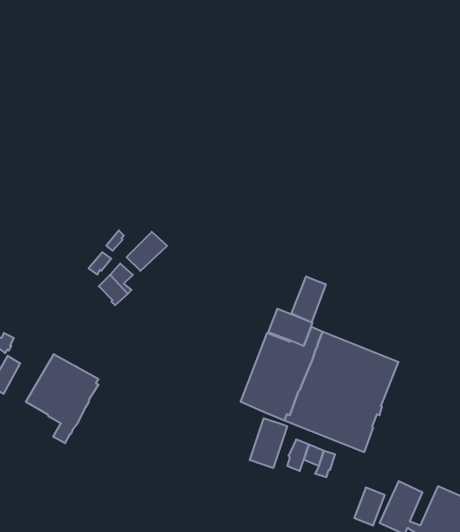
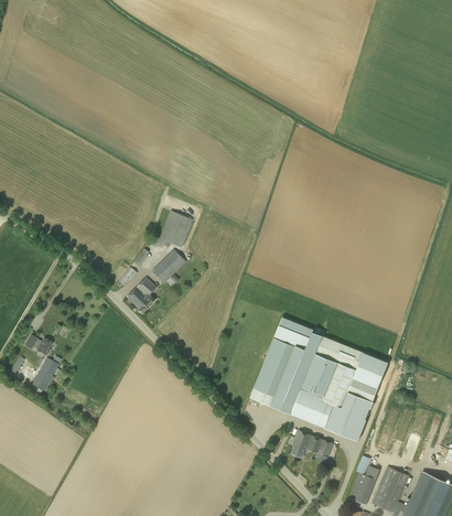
building: none -> [157,211,192,247]
building: [292,276,326,323] -> none
building: [26,354,99,443] -> none
building: [250,418,287,468] -> none

